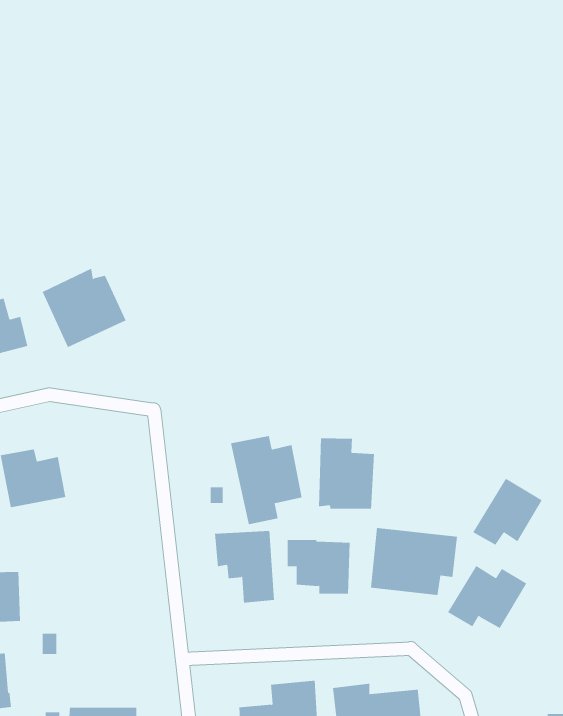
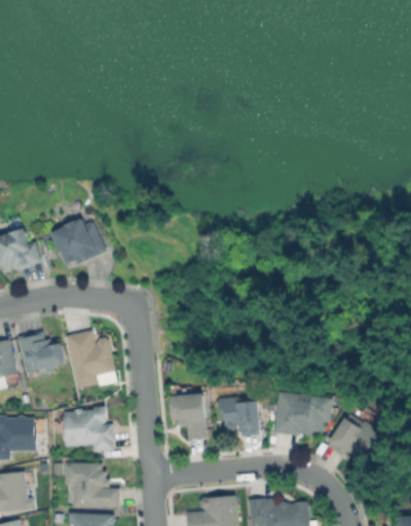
building: [230,436,303,525] -> [65,329,114,389]
building: [318,437,374,510] -> none
building: [472,478,543,546] -> none
building: none -> [59,406,115,452]
building: none -> [65,461,119,505]

